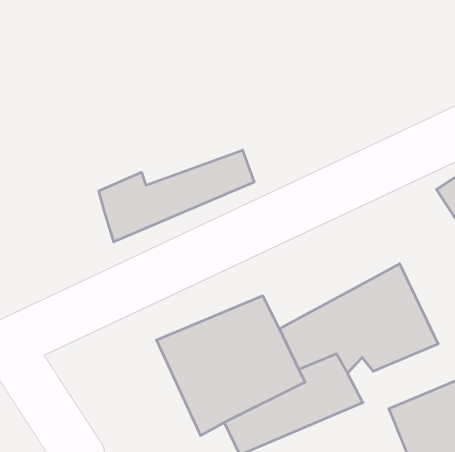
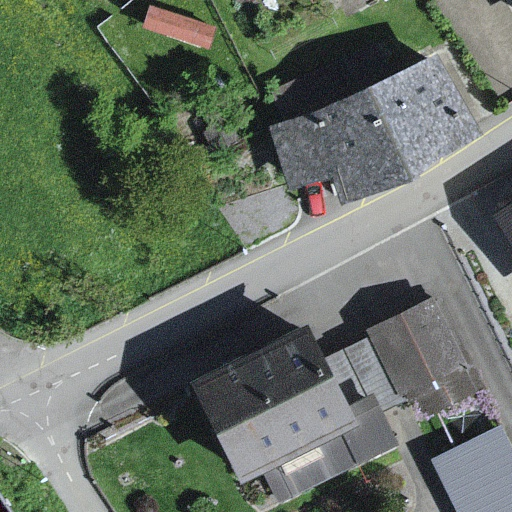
building: none -> [273,57,473,200]
building: [99,150,254,242] -> none

